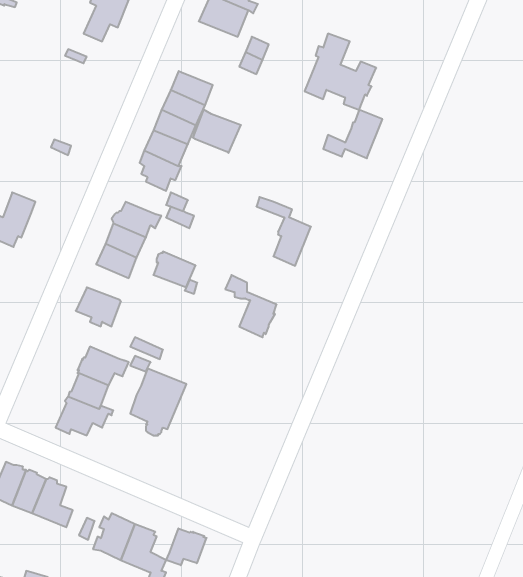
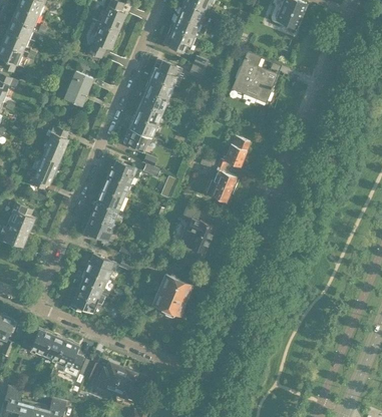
building: none -> [64,72,92,106]
building: [193,109,241,153] -> [149,59,180,87]
building: [323,110,382,158] -> [211,136,249,167]
building: none -> [42,127,68,161]
building: [153,252,196,287] -> [90,201,117,225]
building: [130,368,186,435] -> [153,275,189,318]
building: [166,528,207,565] -> none

